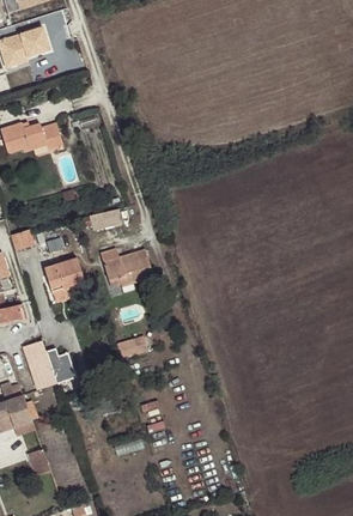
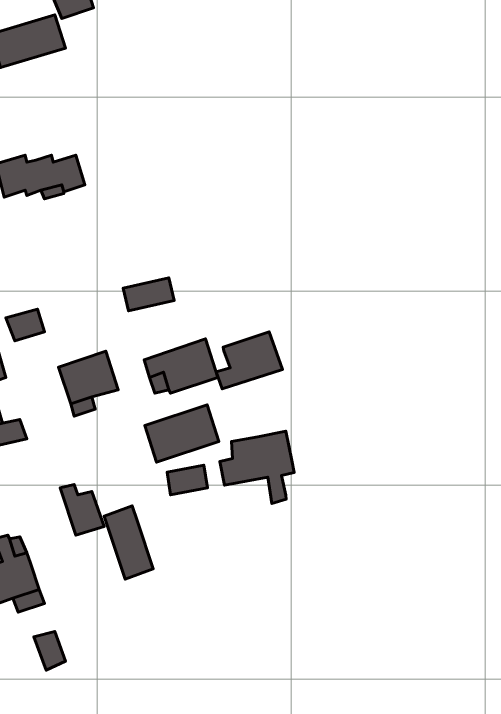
building: none -> [216,332,282,389]
building: none -> [145,405,219,462]
building: none -> [220,431,294,503]
building: [23,340,56,390] -> [104,506,153,579]

